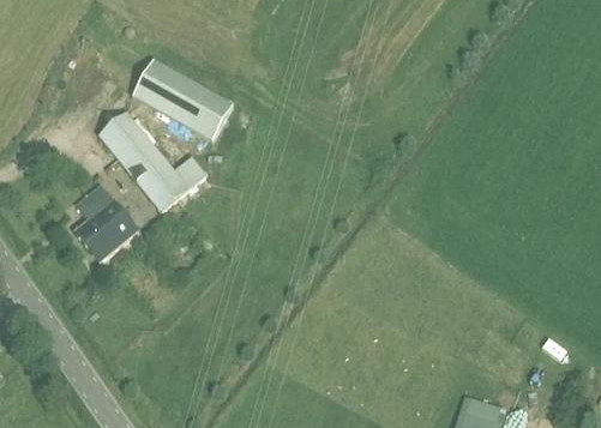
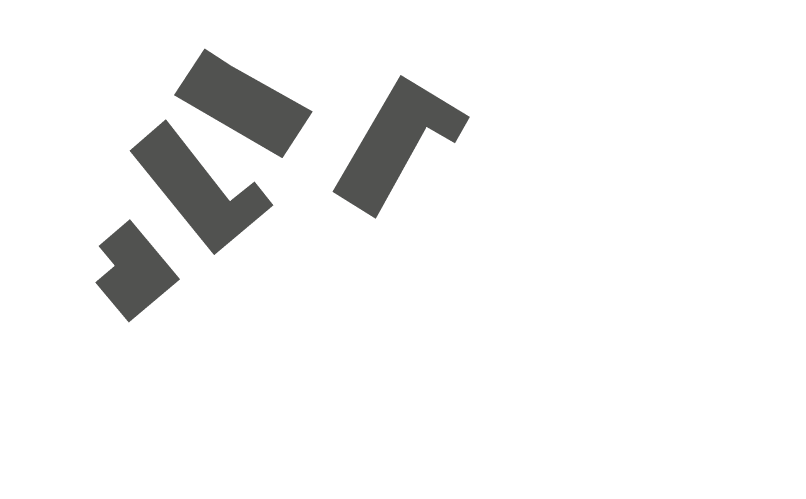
building: none -> [332,74,471,220]

